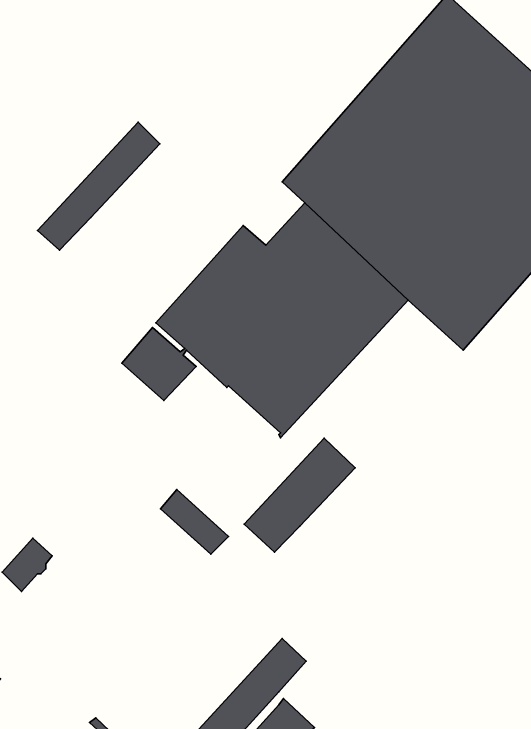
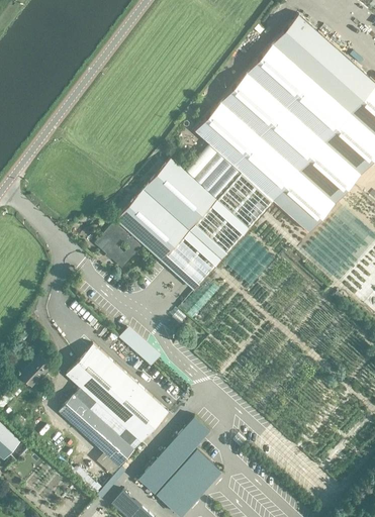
building: [38,122,160,250] -> none
building: [244,438,355,552] -> none
building: none -> [59,344,169,467]

